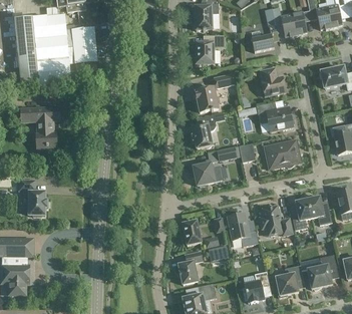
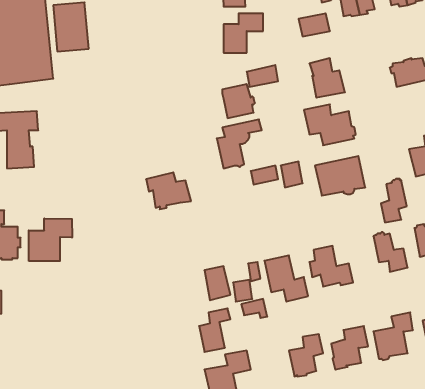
building: [189,160,222,187] -> [146,172,191,209]
building: none -> [29,218,72,261]
building: [291,198,310,230] -> [381,179,407,222]

